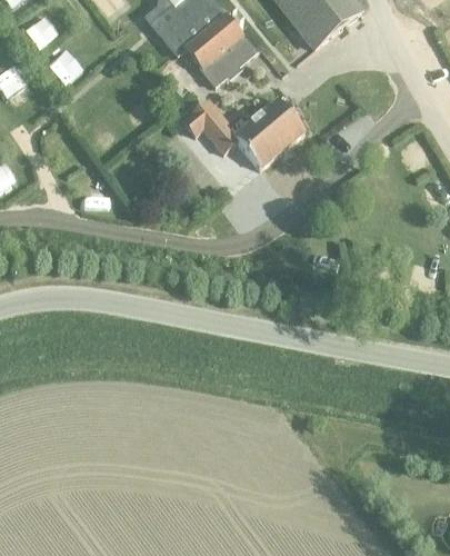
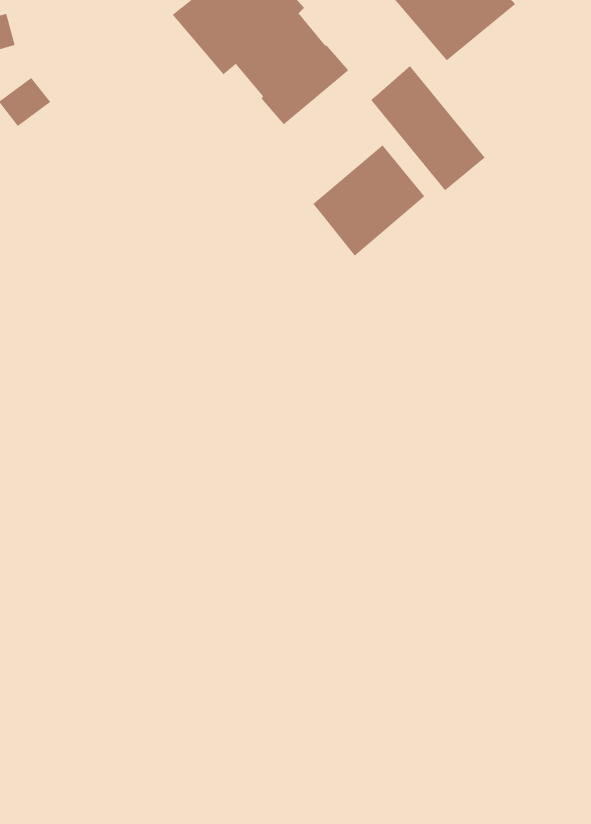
building: none -> [370,65,485,191]
building: [181,101,237,152] -> none

